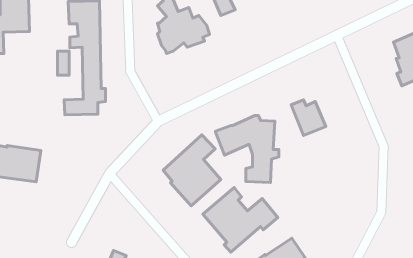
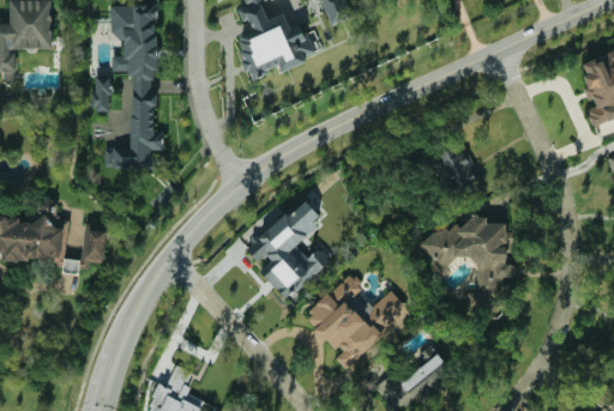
building: [215,115,279,182] -> [422,214,514,312]
building: none -> [80,223,106,268]

